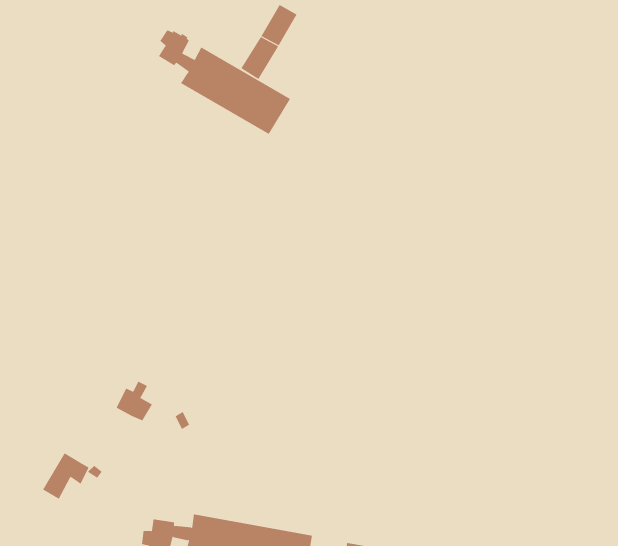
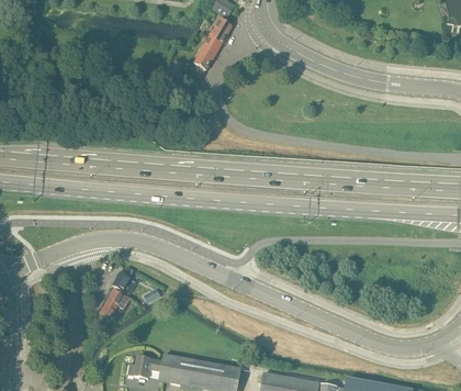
building: [158,29,291,135] -> none
building: [42,452,89,500] -> [99,288,130,319]

